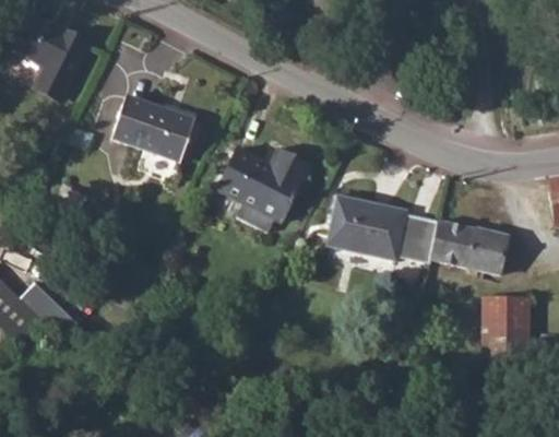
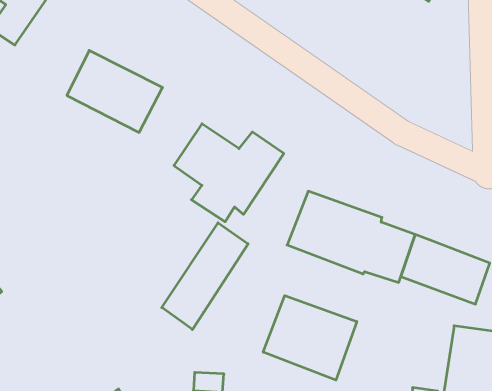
building: none -> [162,223,248,330]
building: none -> [263,296,357,380]

